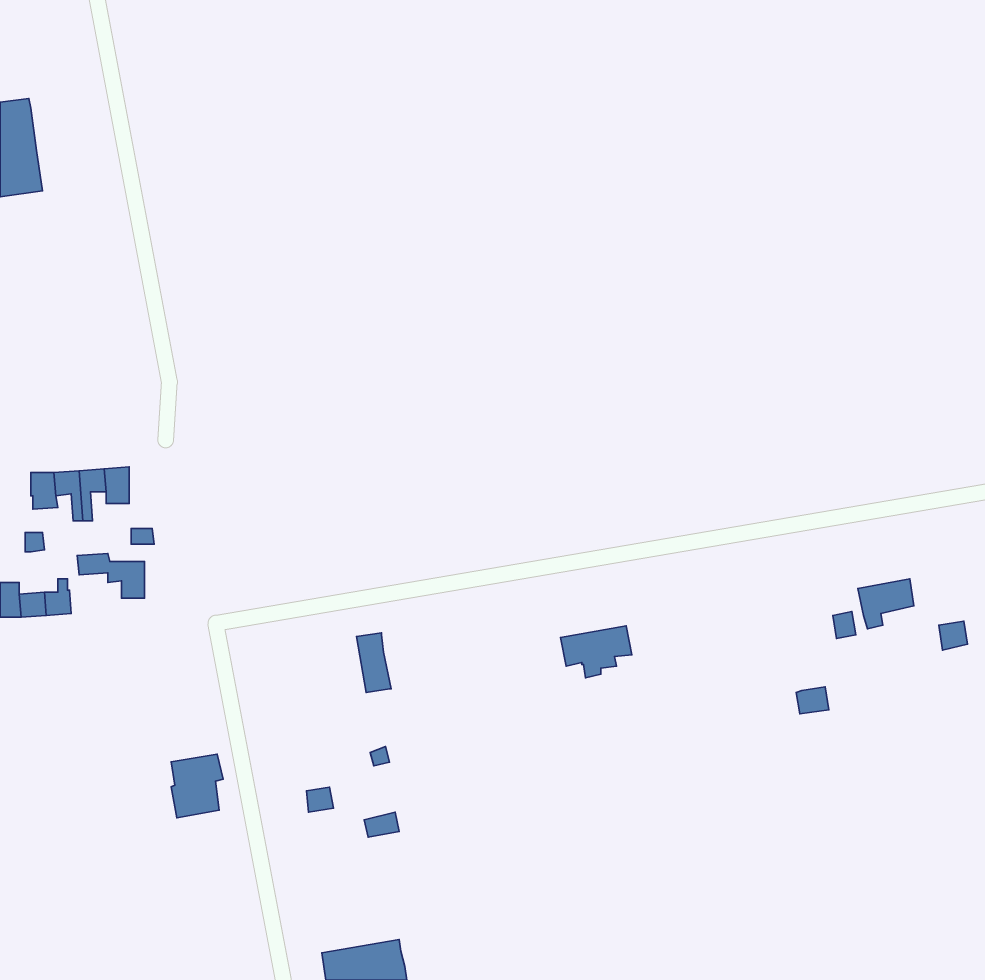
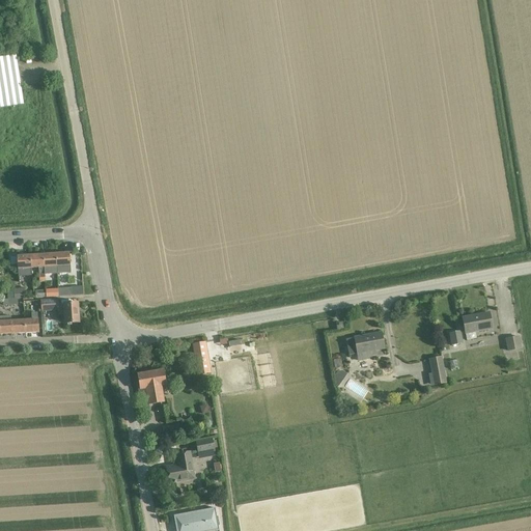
building: [560,626,632,678] -> [345,331,384,359]
building: [171,754,223,818] -> [138,369,166,403]
building: none -> [166,450,194,480]

